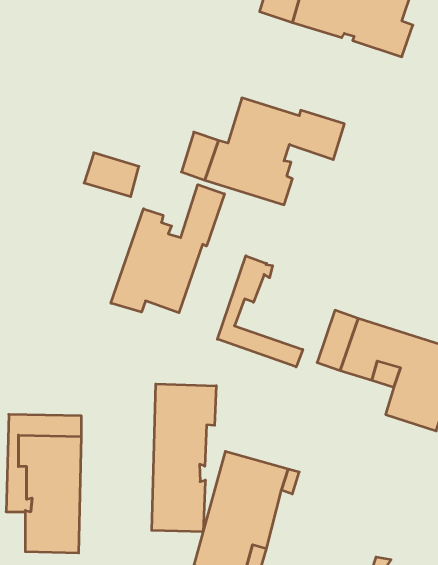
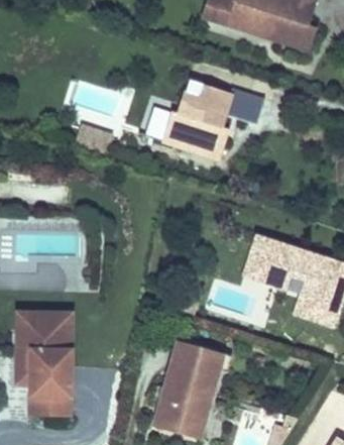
building: [111,185,224,313] -> none
building: [217,256,303,367] -> none
building: [152,384,216,532] -> none

